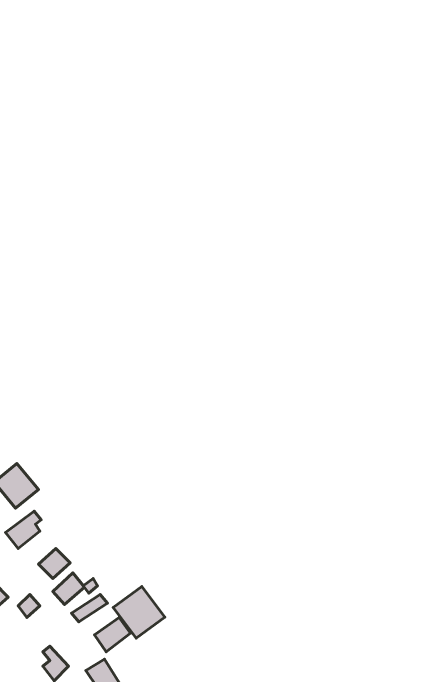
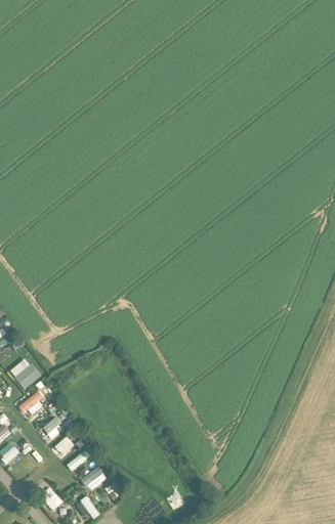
building: [113,586,165,638] -> none

